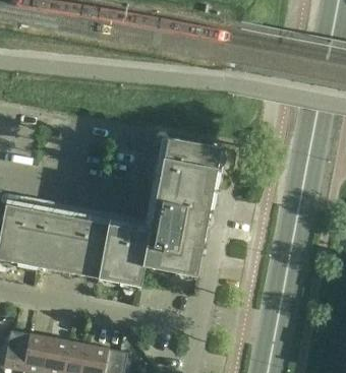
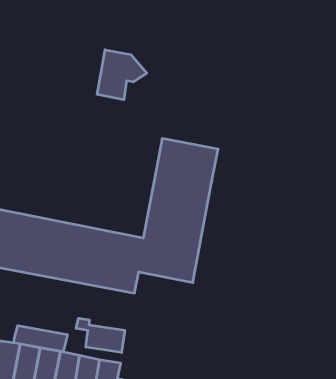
building: none -> [97,50,147,100]
building: none -> [76,318,125,353]
building: none -> [14,326,67,352]

